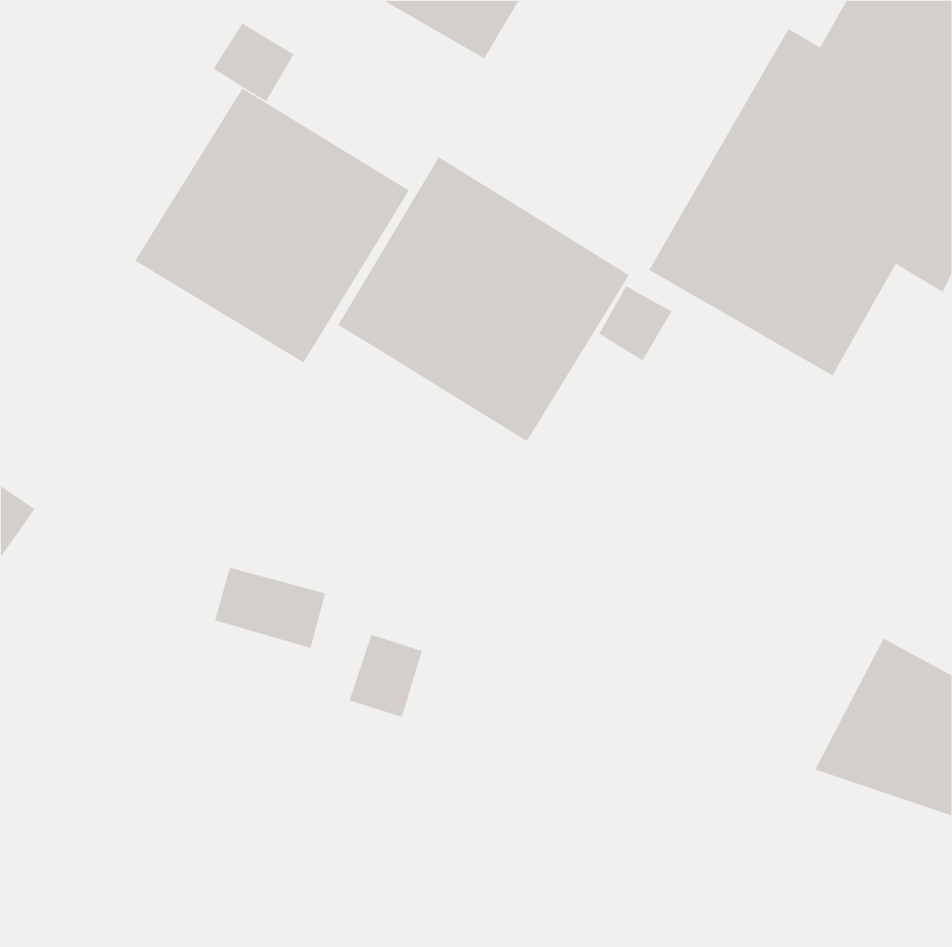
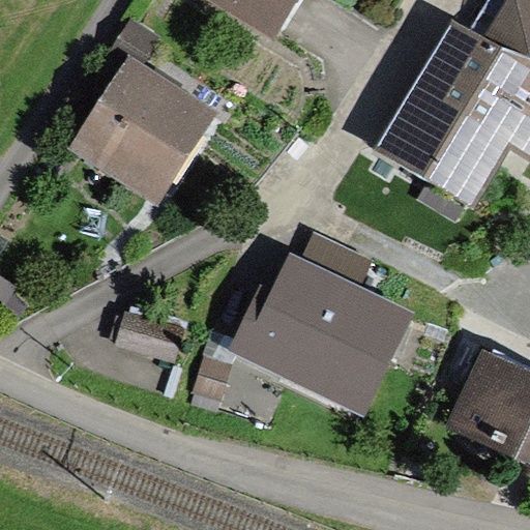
building: [337,156,630,442] -> none
building: none -> [236,264,386,399]

